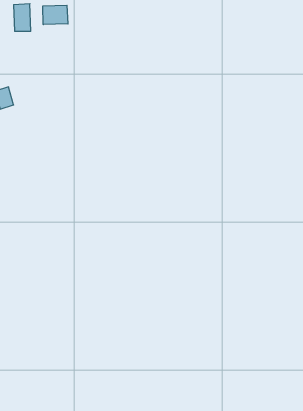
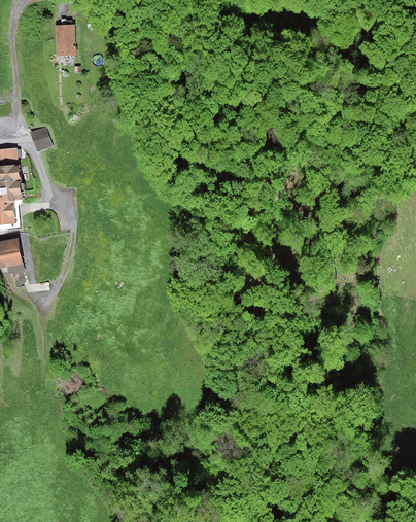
building: [43,5,68,25] -> none

